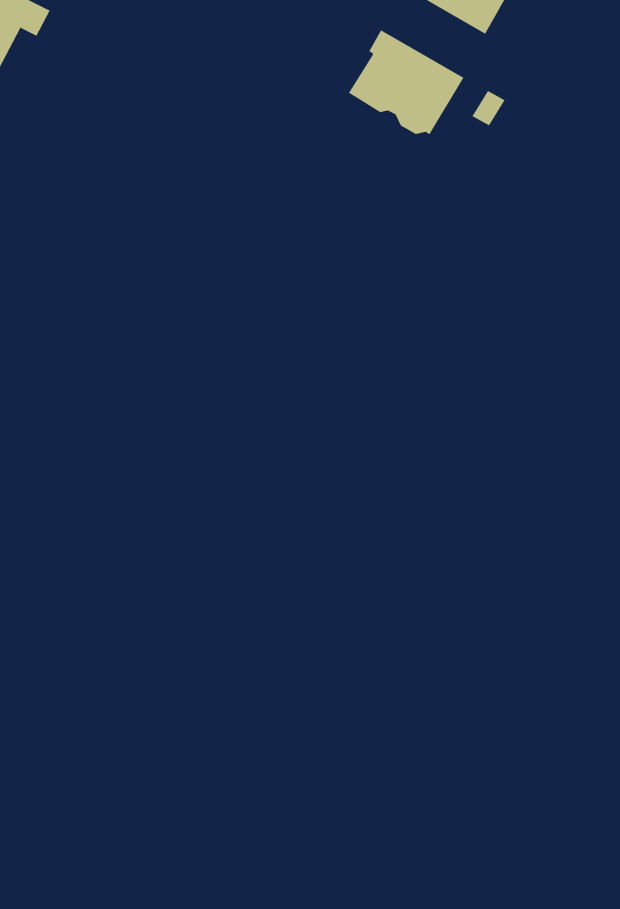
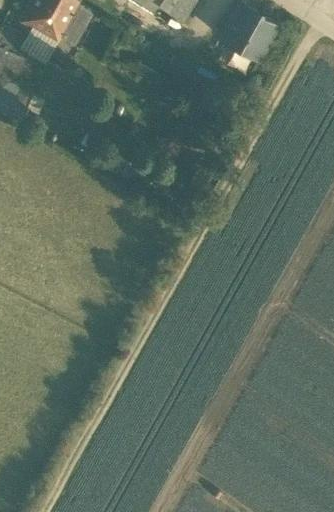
building: [348,29,464,135] -> none

